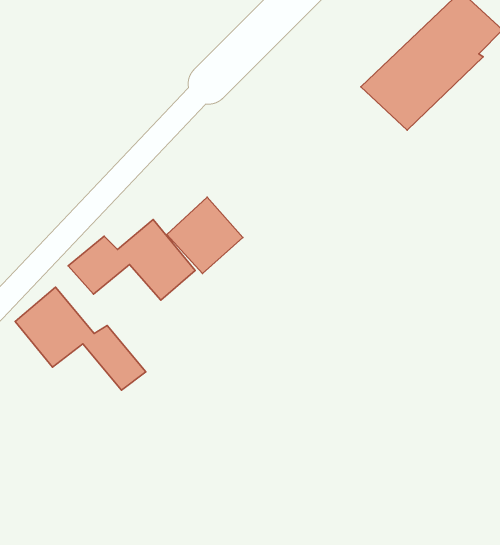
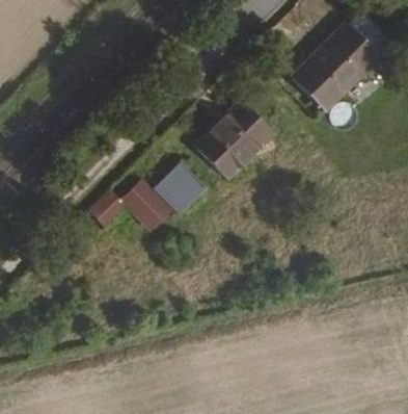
building: none -> [194,104,272,182]
building: [15,287,146,390] -> none

